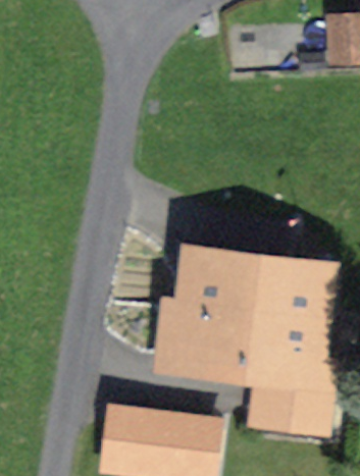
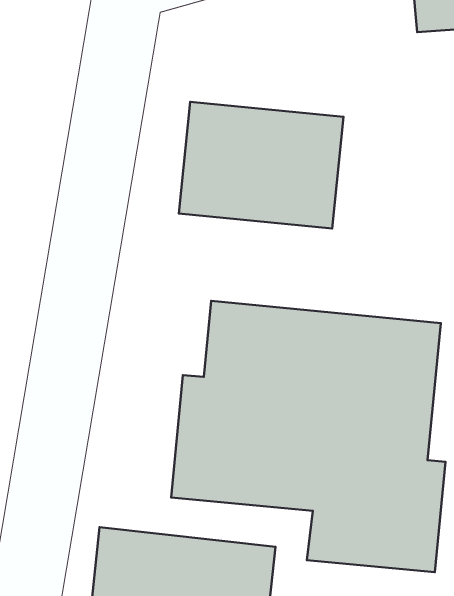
building: none -> [179,102,344,229]

